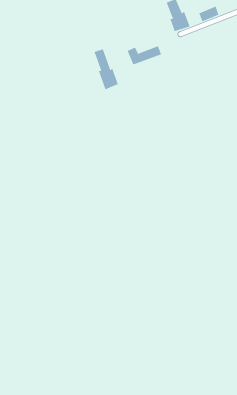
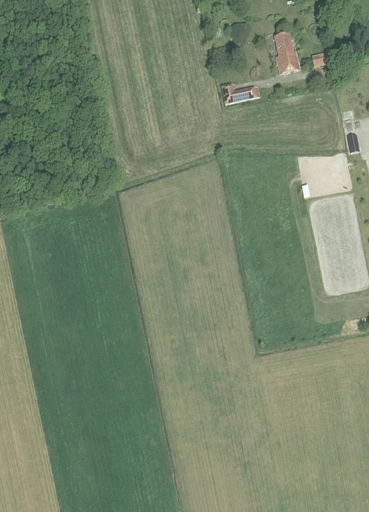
building: [94,49,119,90] -> none

